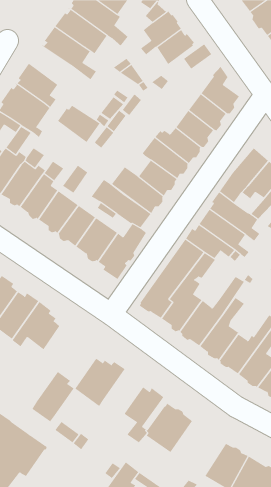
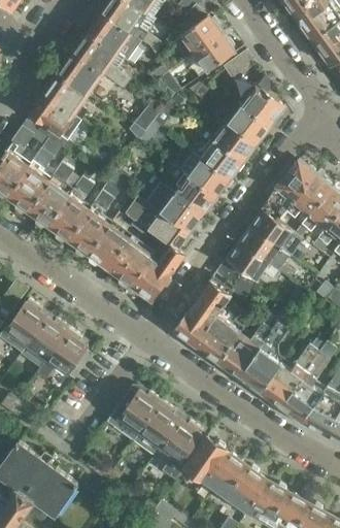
building: [57,103,100,143] -> [58,53,104,95]
building: [31,371,75,422] -> [134,400,180,455]
building: none -> [210,456,269,515]

